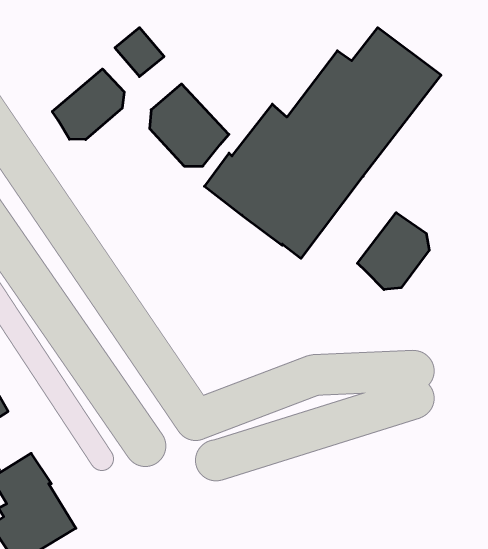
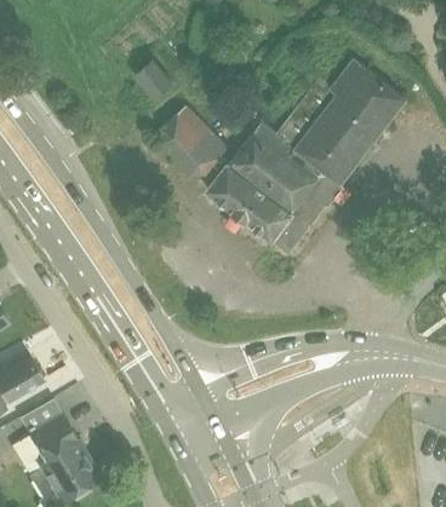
building: [52,69,124,140] -> none
building: [357,213,429,290] -> none

